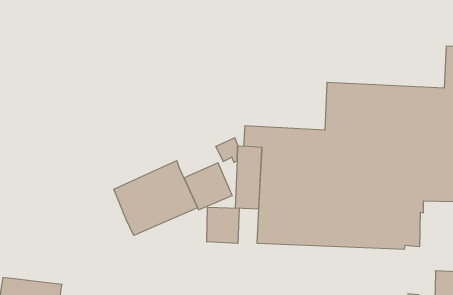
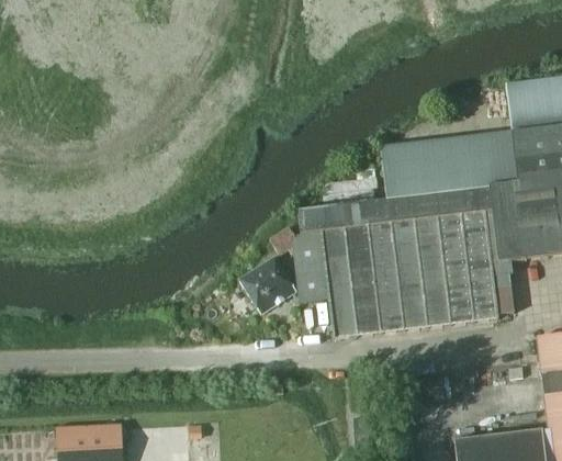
building: [114,161,198,235] -> none
building: [207,207,239,243] -> none

